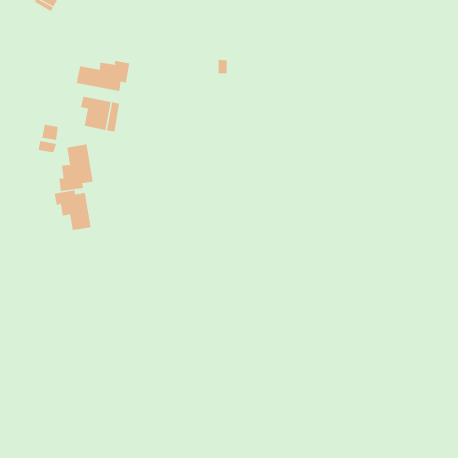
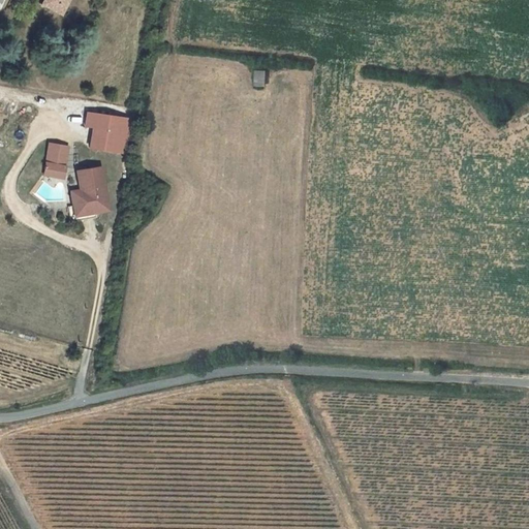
building: [76,60,130,92] -> none
building: [54,189,91,231] -> none

